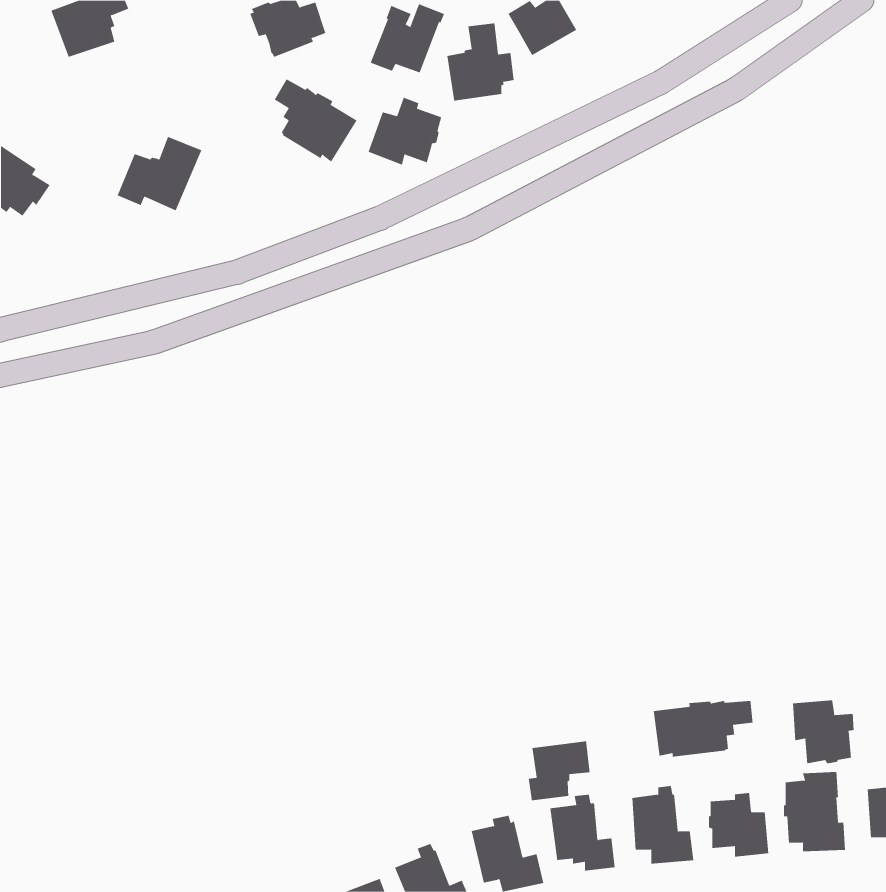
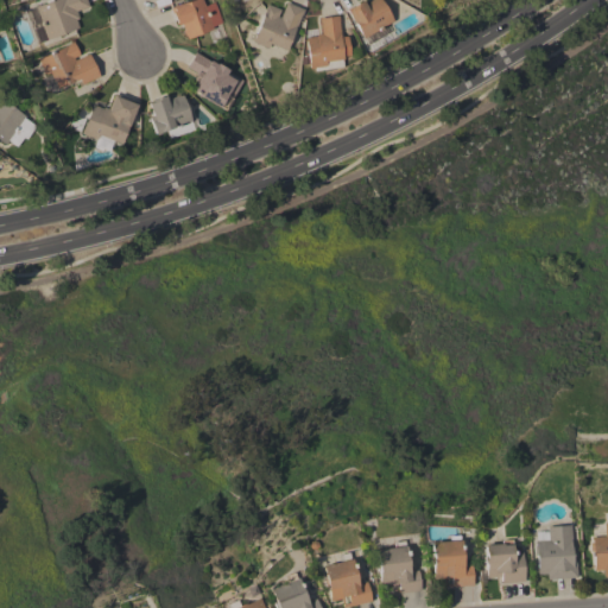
building: none -> [40,40,102,88]
building: [368,97,442,165] -> none
building: none -> [151,95,195,135]
building: [793,700,854,764] -> none
building: [653,700,753,757] -> none
building: [528,740,590,801] -> none

